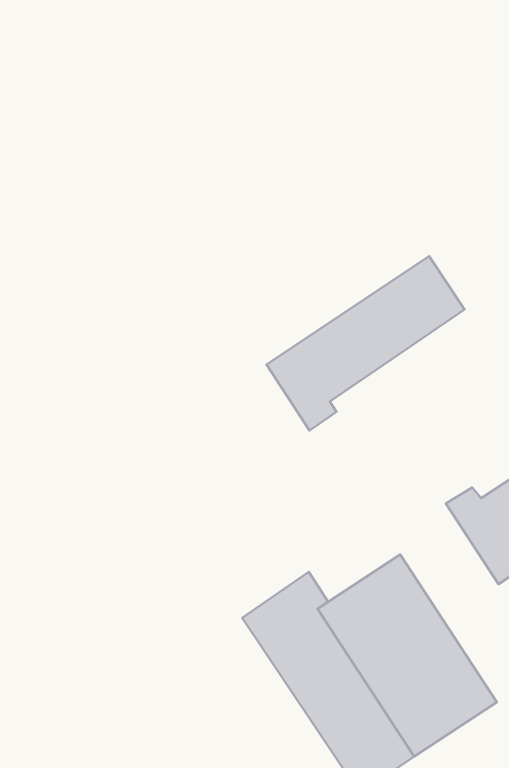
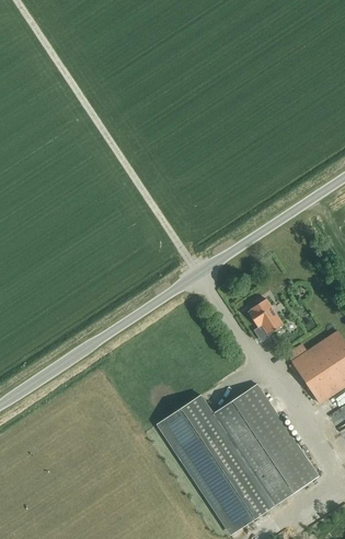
building: [267,256,464,430] -> none
building: none -> [248,300,283,336]

